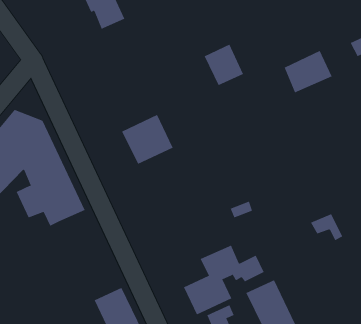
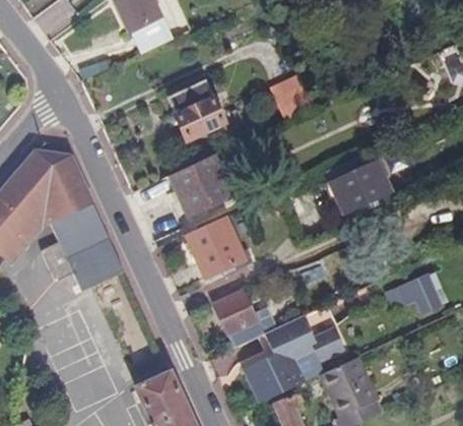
building: [284,50,333,93] -> [328,161,388,214]
building: none -> [167,81,222,138]
building: none -> [184,217,244,278]
building: none -> [211,289,275,348]

